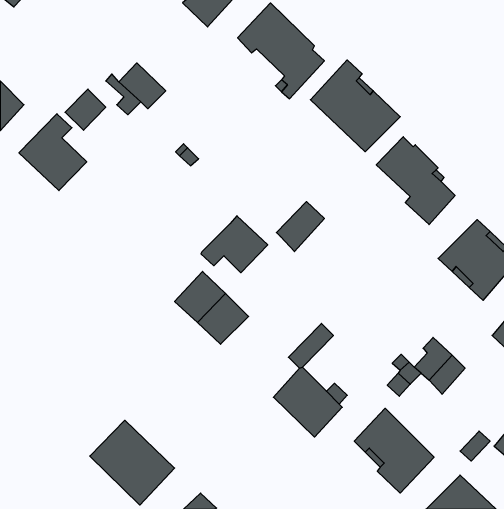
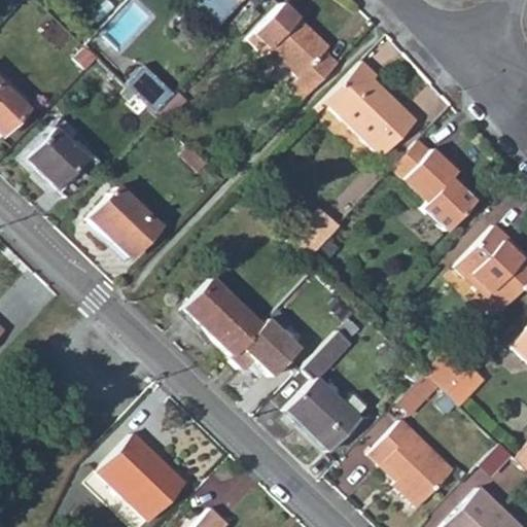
building: [65,89,106,130] -> none
building: none -> [92,187,162,257]
building: [201,216,268,273] -> [233,318,302,377]

